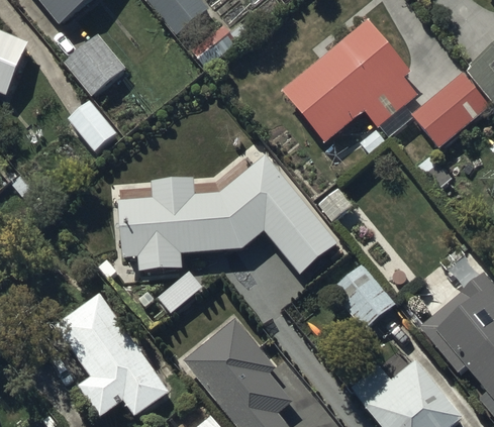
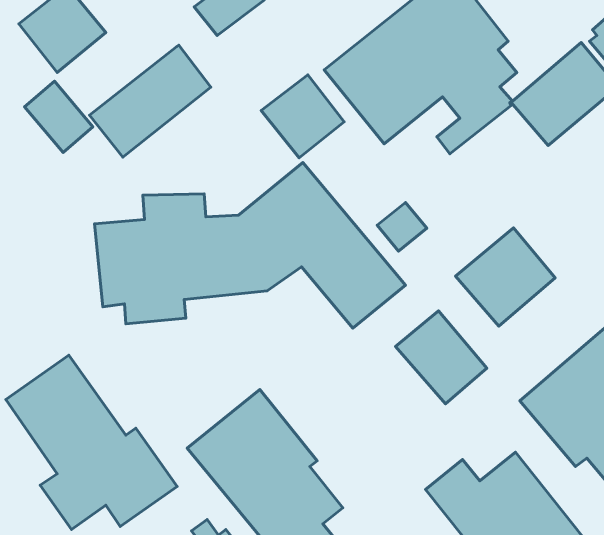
building: none -> [89,45,211,157]
building: none -> [261,75,344,158]
building: none -> [456,228,555,326]

